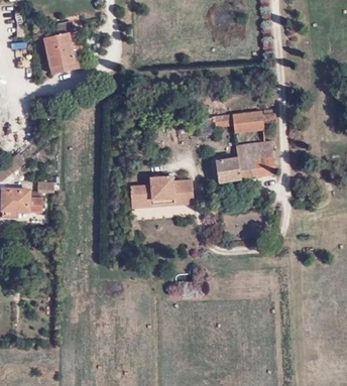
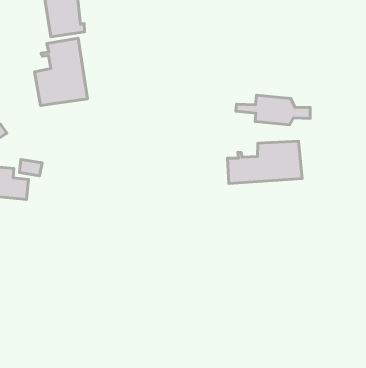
building: none -> [35,38,88,105]
building: [130,175,192,210] -> none

